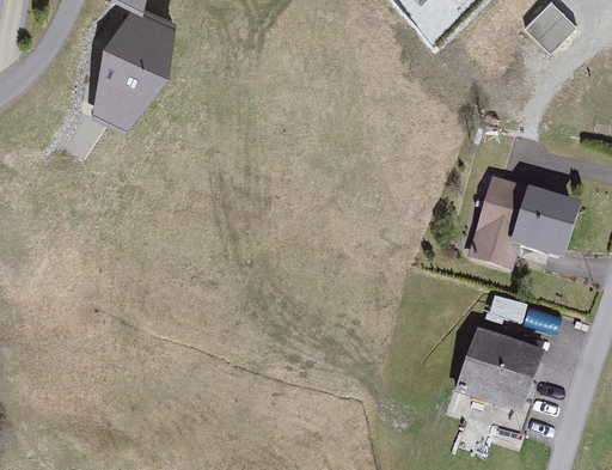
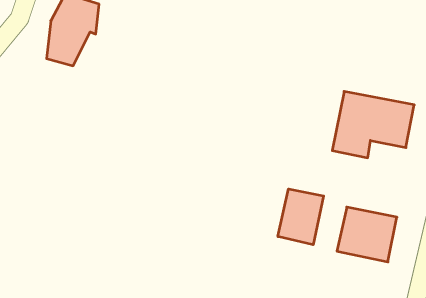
building: none -> [278,189,324,245]

